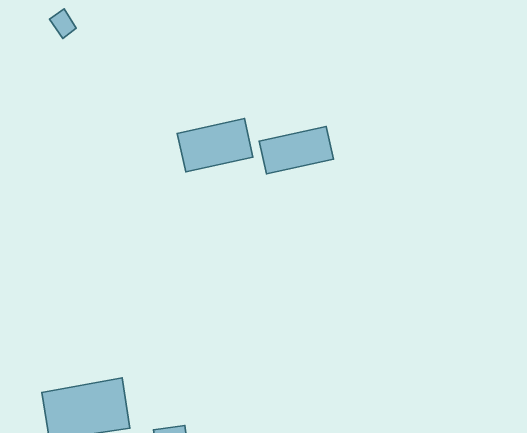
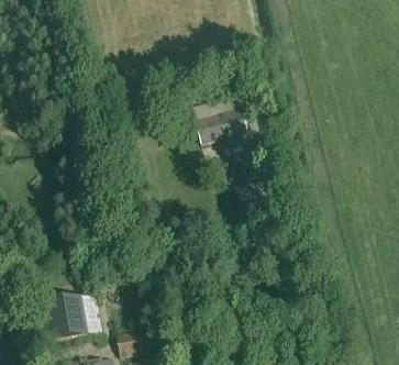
building: [177,119,253,172] -> none

